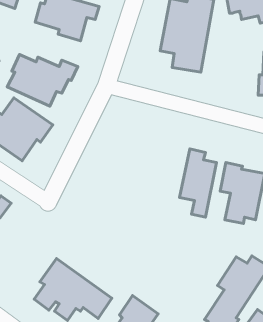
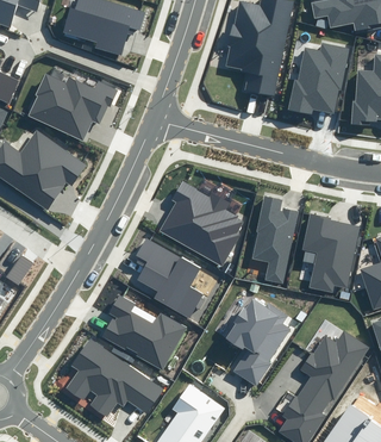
building: none -> [289,39,351,114]
building: none -> [160,180,244,266]
building: none -> [135,238,202,318]
building: none -> [102,294,183,368]
building: none -> [226,297,292,384]

